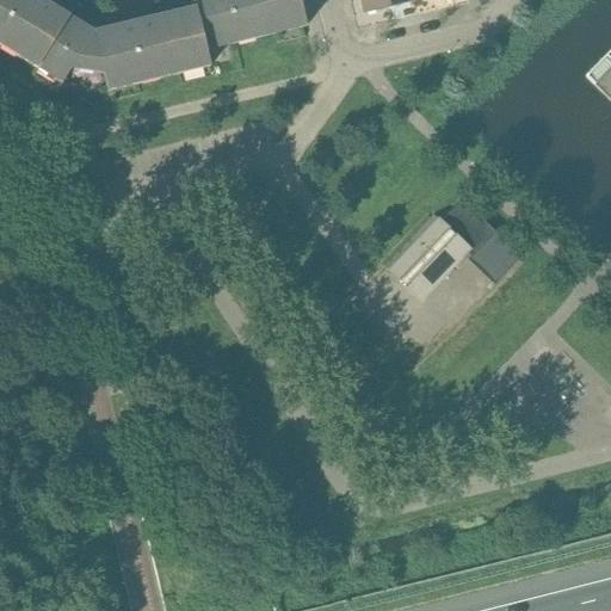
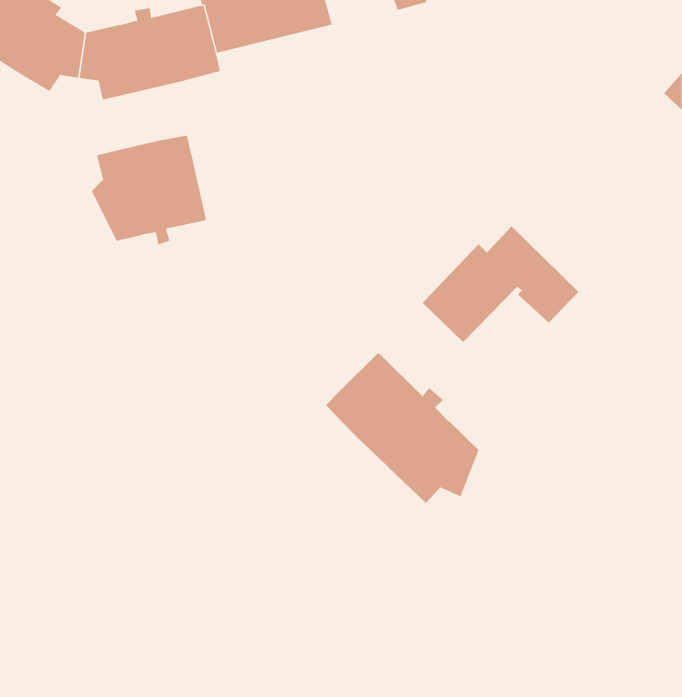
building: none -> [91,135,206,245]
building: none -> [325,352,479,504]

